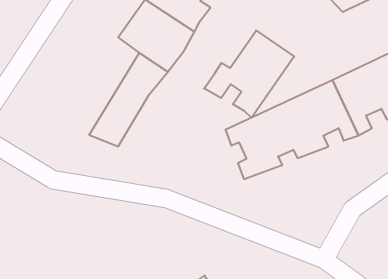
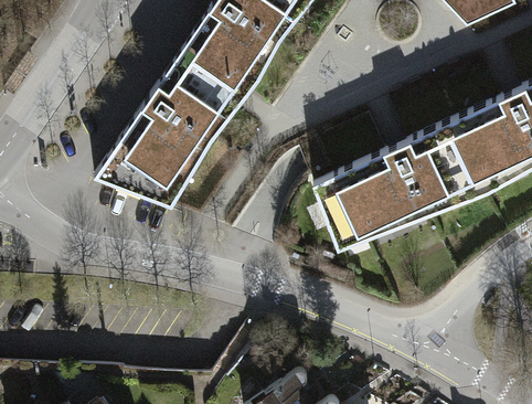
building: [204,30,294,118] -> none
building: none -> [95,61,201,189]

